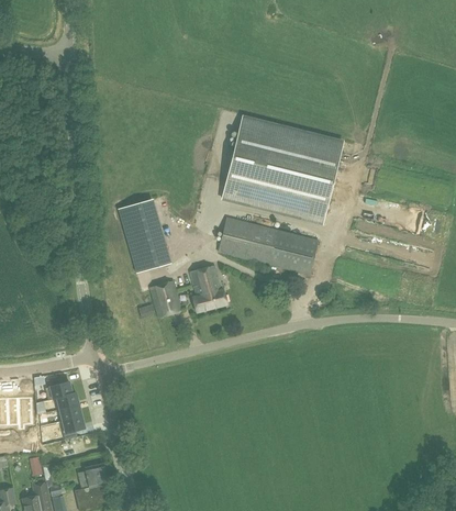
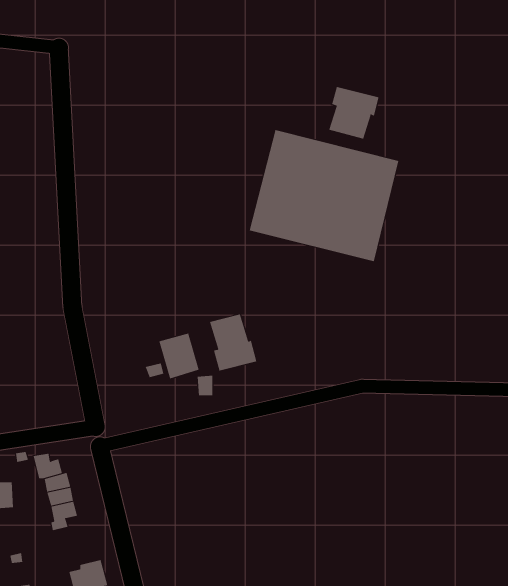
building: none -> [328,86,379,139]
building: [118,198,168,271] -> none
building: [218,216,318,274] -> none

